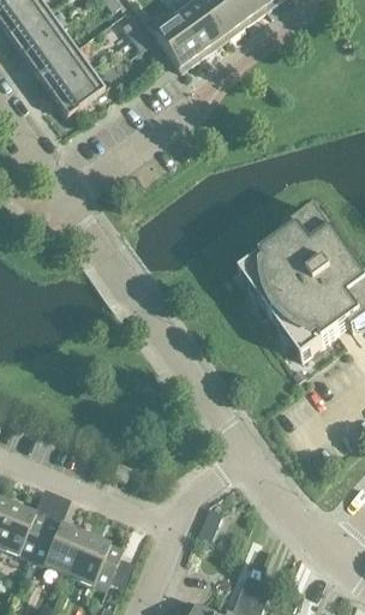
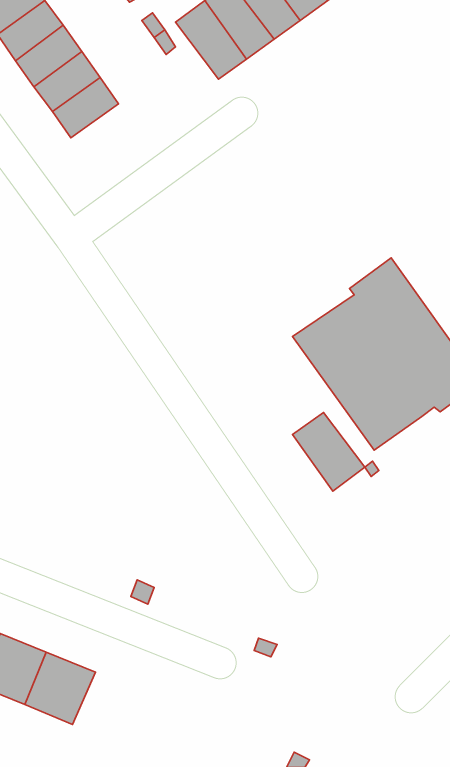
building: none -> [292,412,365,491]
building: [67,531,124,587] -> none

